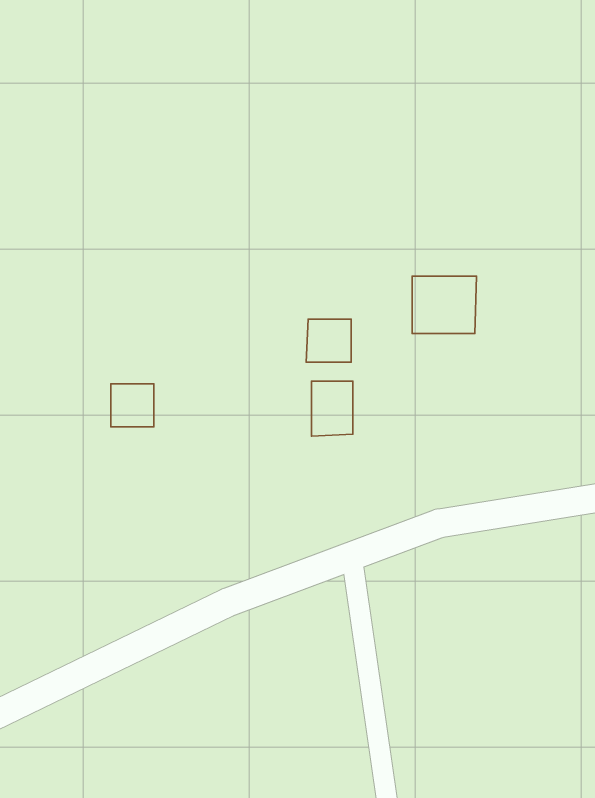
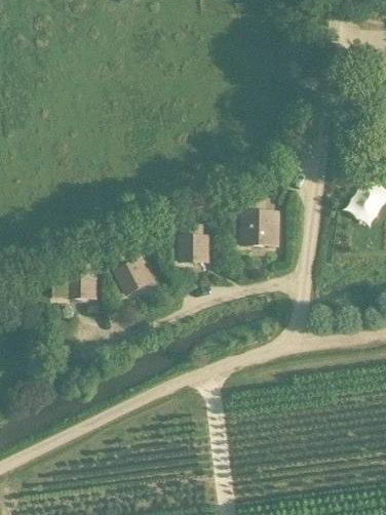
building: none -> [116,261,149,294]
building: [311,381,353,436] -> none

